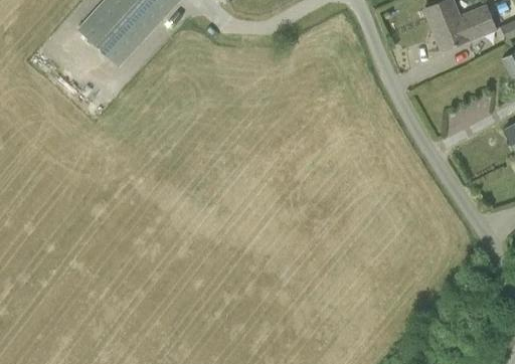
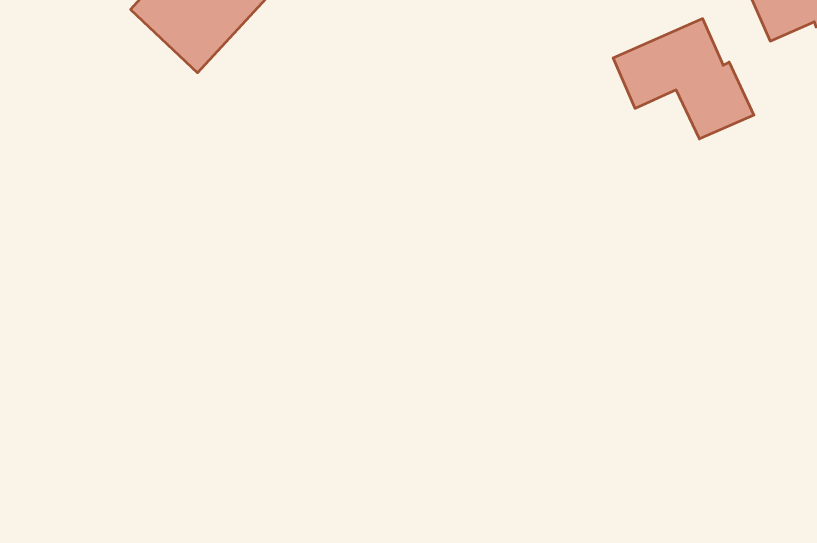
building: none -> [613,19,754,139]

